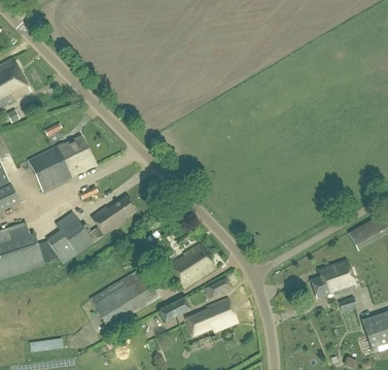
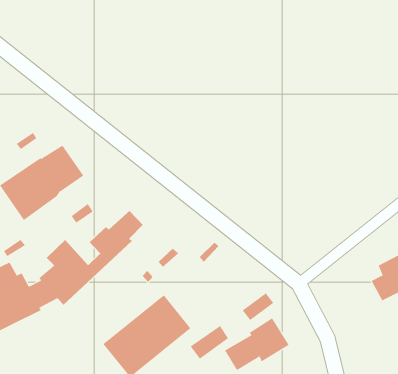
building: [168,242,216,288] -> none

